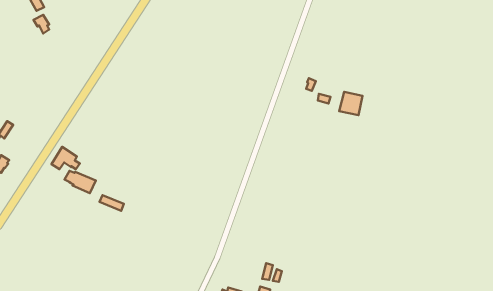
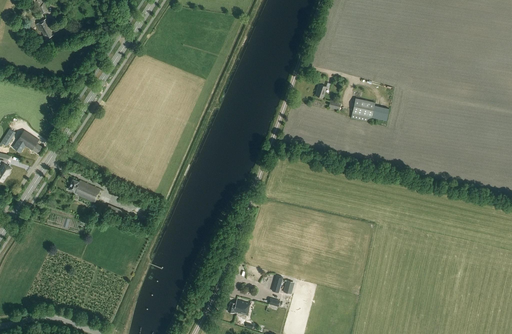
building: [52,147,80,169] -> [13,130,42,153]

